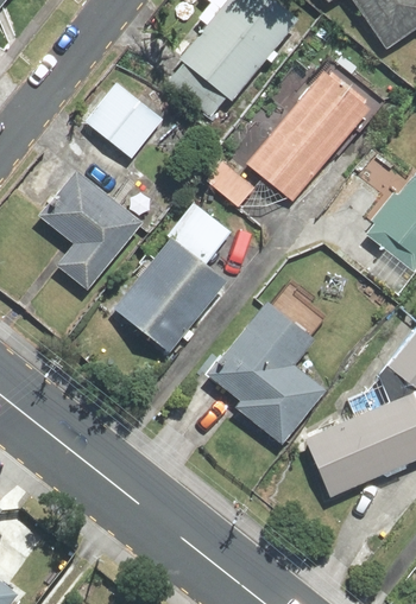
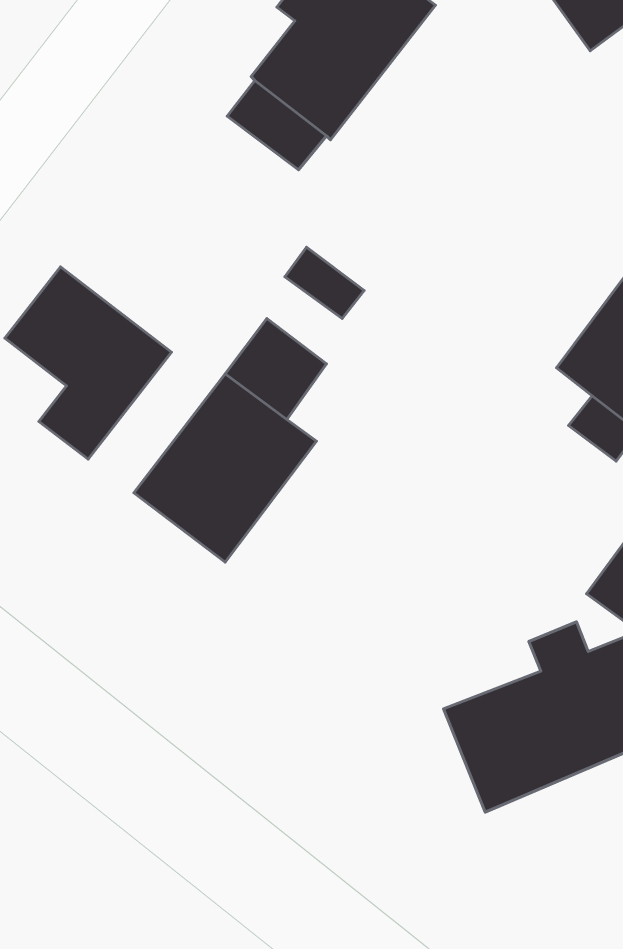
building: [250,77,364,201] -> none
building: [89,84,162,155] -> none
building: [208,301,326,445] -> none

